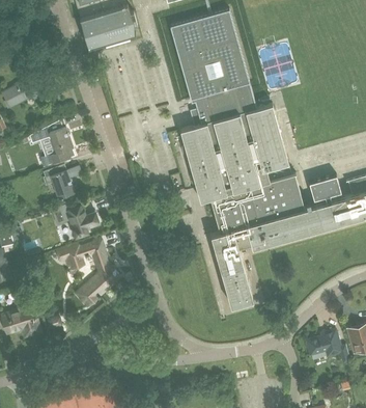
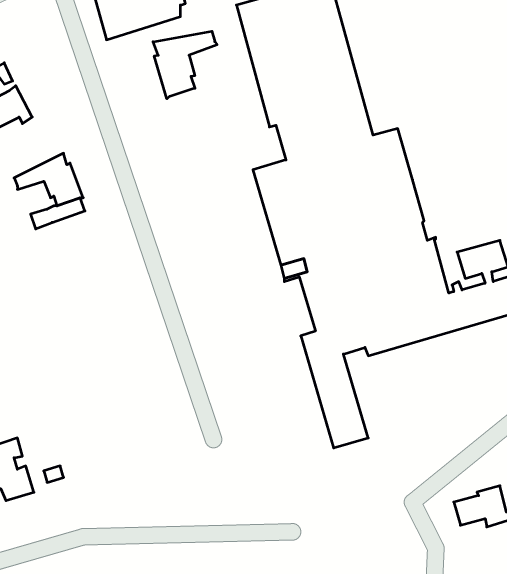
building: none -> [153,31,217,99]
building: [43,164,81,198] -> none
building: [58,199,98,237] -> none
building: [54,238,120,307] -> none

